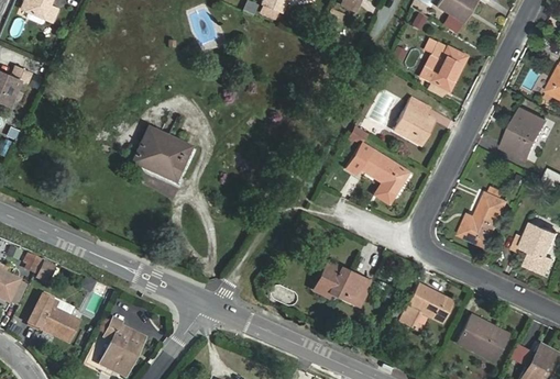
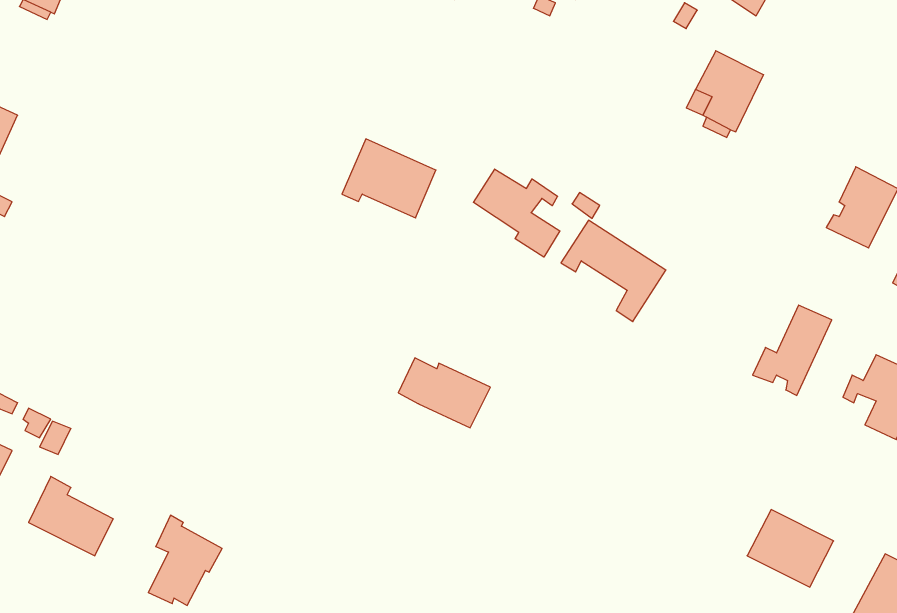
building: [392,101,433,146] -> none
building: none -> [473,169,560,257]
building: [133,127,189,175] -> [342,139,436,218]
building: [316,264,371,305] -> [398,358,490,428]
building: [399,283,453,327] -> none

